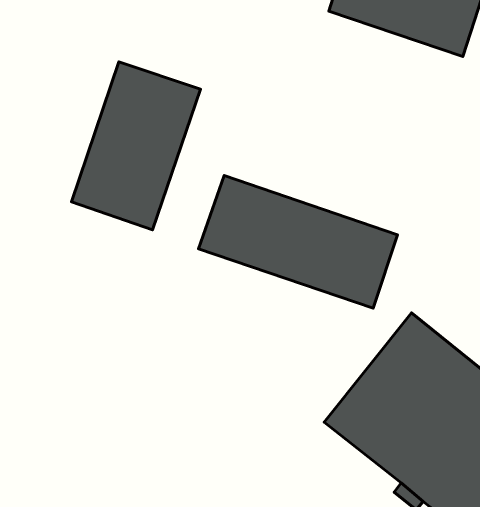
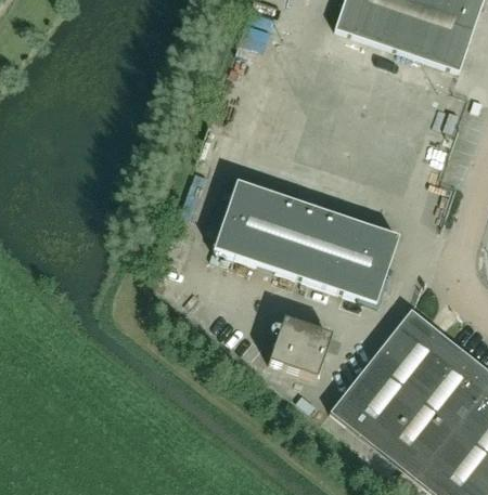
building: [72,62,200,230] -> none
building: none -> [270,316,332,377]

